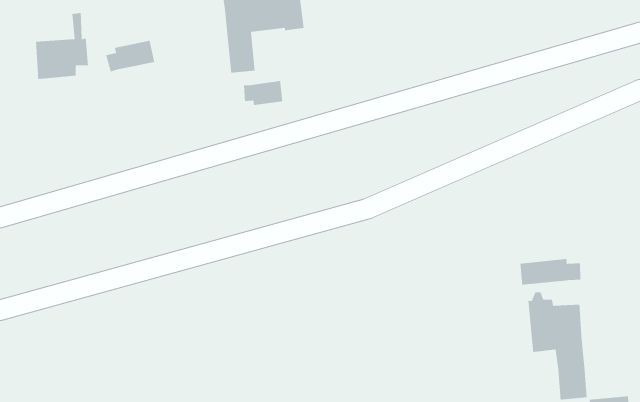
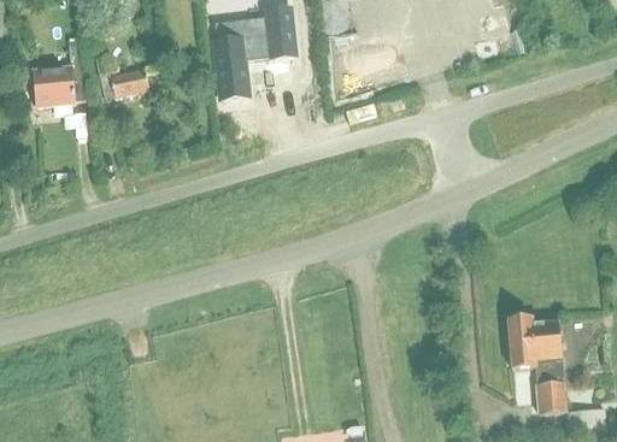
building: [243,80,283,106] -> none
building: [520,258,581,286] -> none

